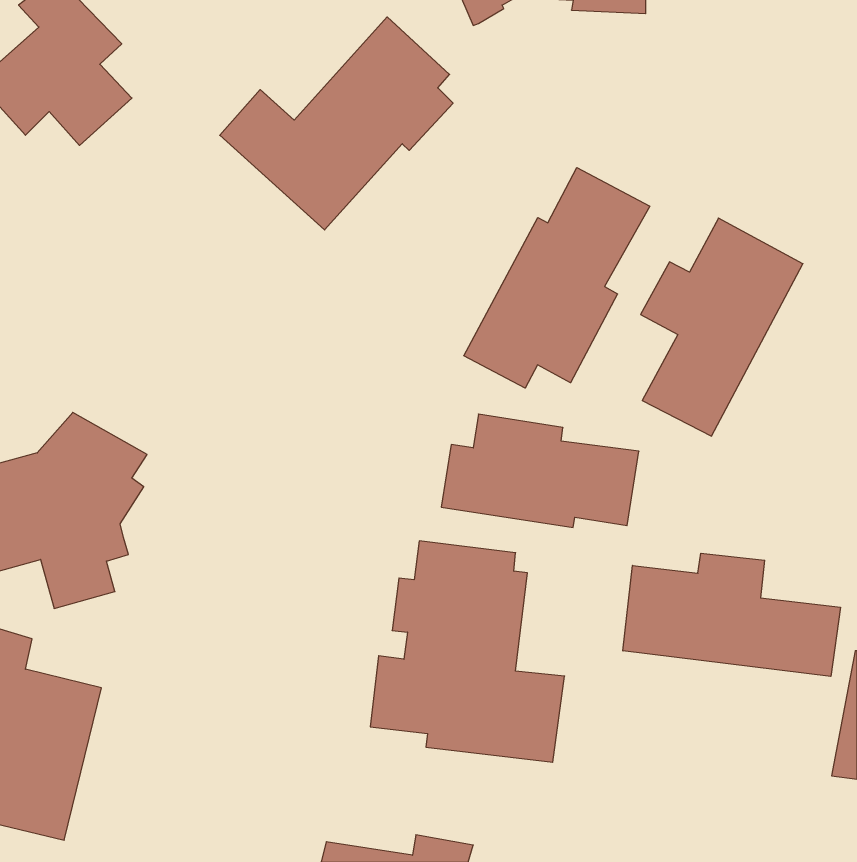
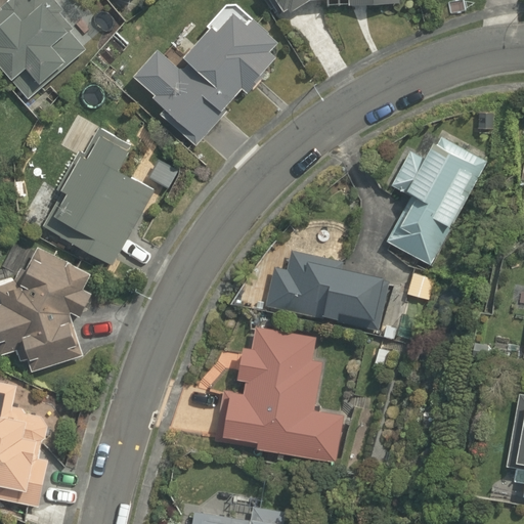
building: [464,168,650,388] -> none
building: none -> [48,123,147,261]
building: [623,553,840,676] -> none

